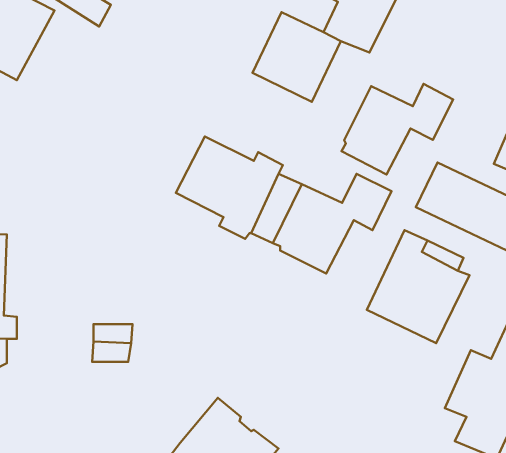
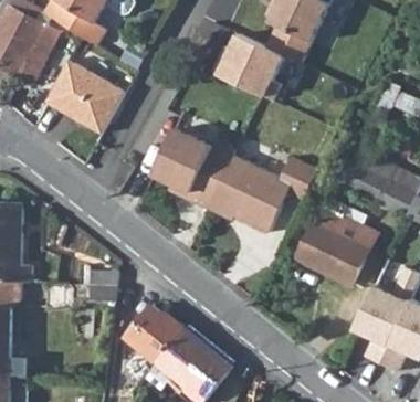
building: none -> [44,60,125,130]
building: [341,84,453,175] -> none
building: none -> [125,305,183,361]

